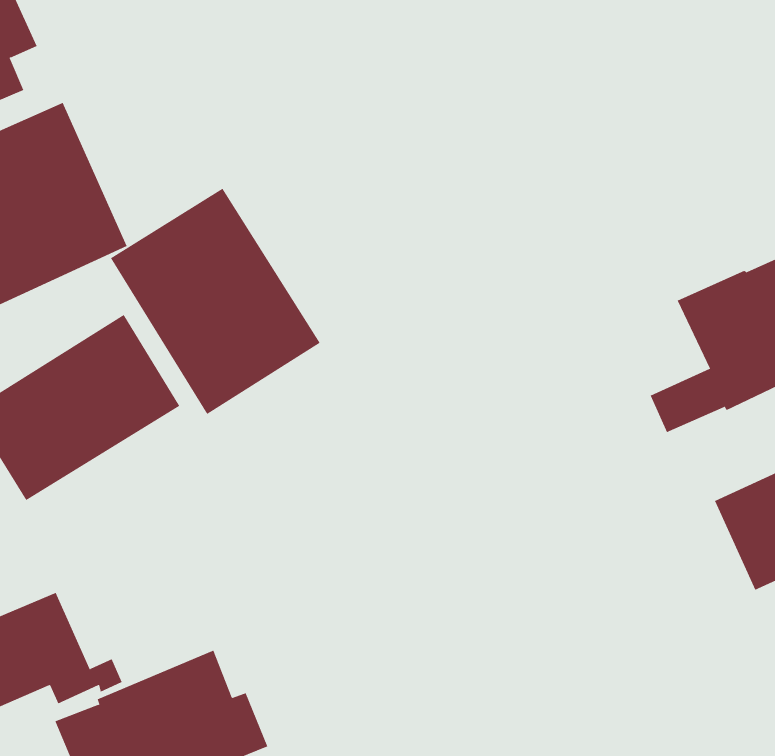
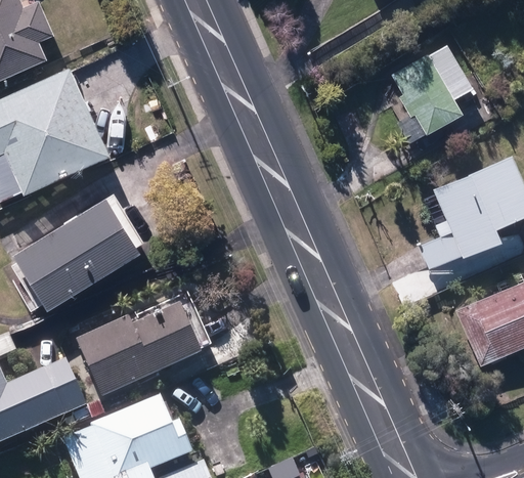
building: none -> [395,42,477,131]
building: [110,188,321,415] -> none
building: none -> [76,307,200,400]

